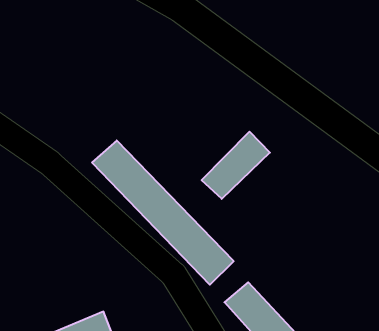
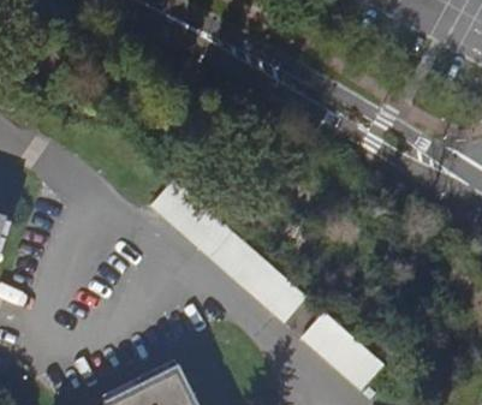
building: [202,132,270,199] -> none

